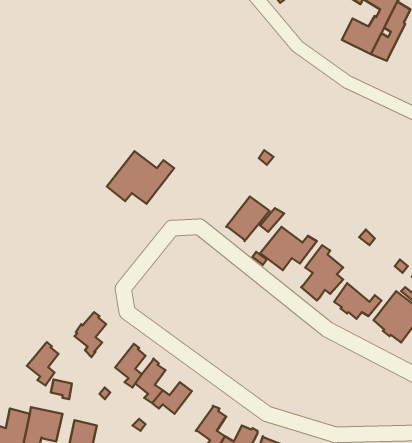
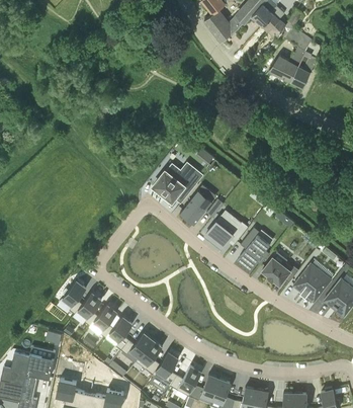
building: [107,151,174,204] -> [148,162,199,202]
building: [27,342,59,386] -> [78,292,102,325]
building: none -> [140,340,163,375]

